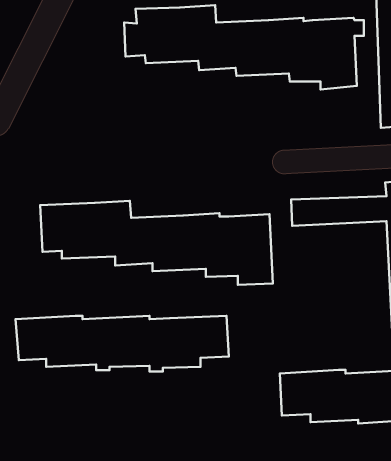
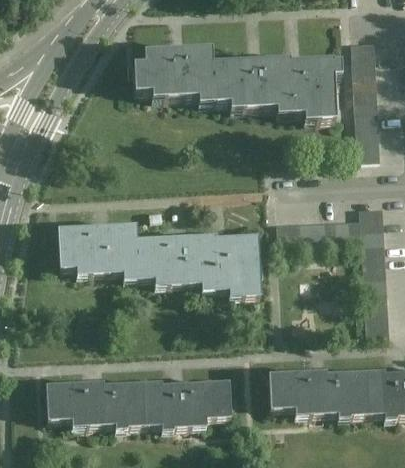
building: [15,316,229,371] -> [45,381,233,430]

